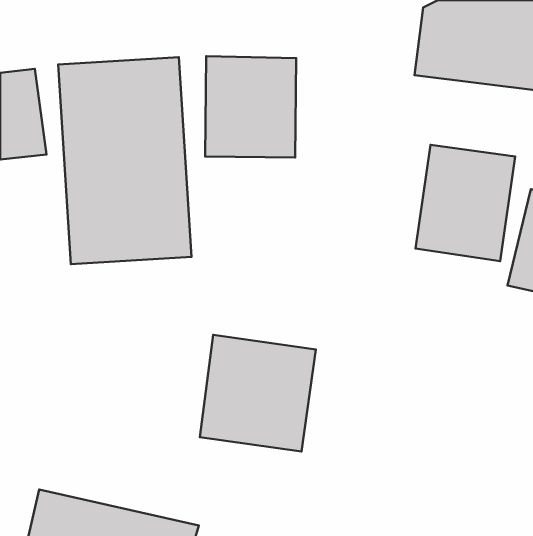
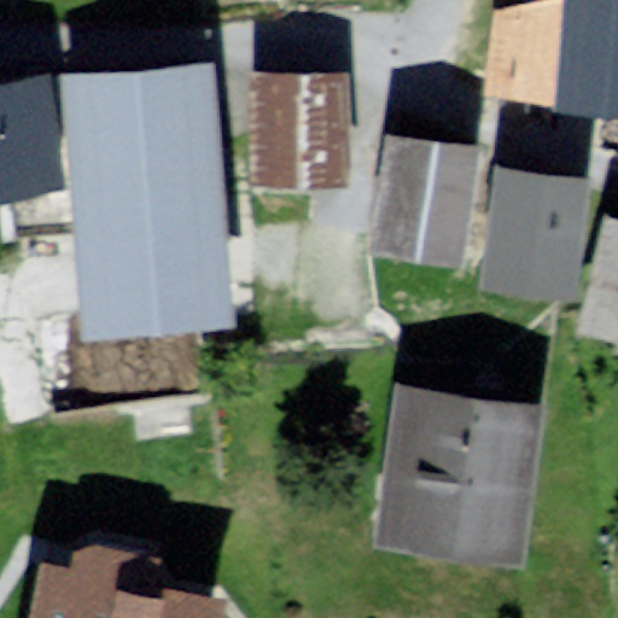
building: none -> [374,133,490,264]
building: [200,335,316,452] -> none
building: none -> [377,390,544,564]

